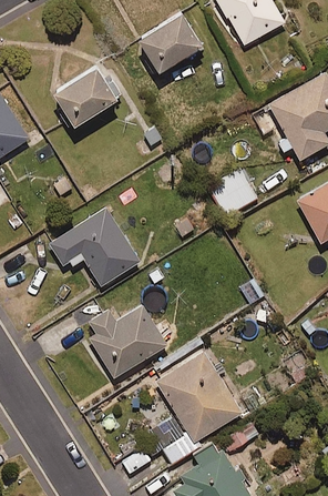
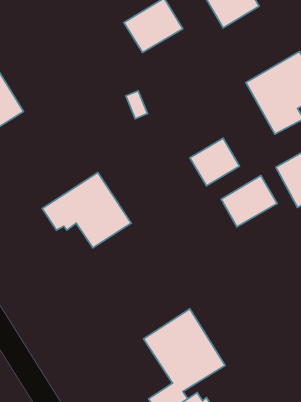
building: [54,61,121,124] -> none
building: none -> [221,175,277,227]
building: [89,303,170,378] -> none

